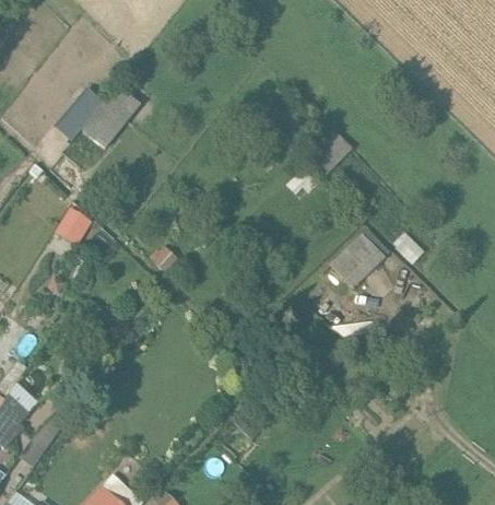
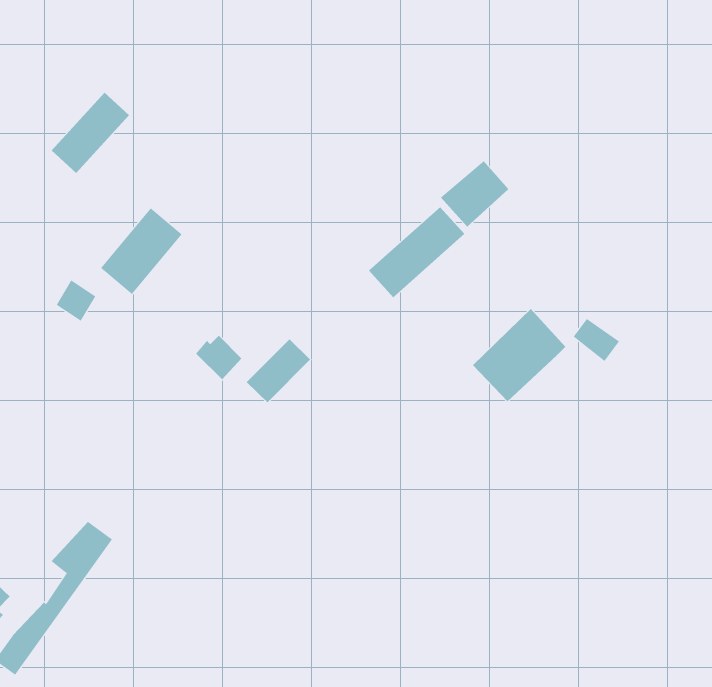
building: [86,90,140,146] -> [100,208,182,295]
building: none -> [368,207,465,298]
building: none -> [246,338,311,403]

